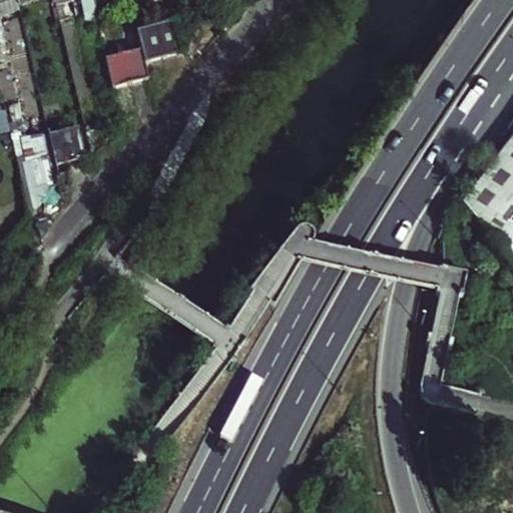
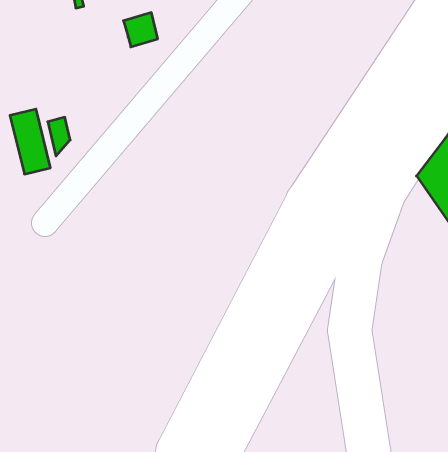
building: [118,41,162,73] -> none

